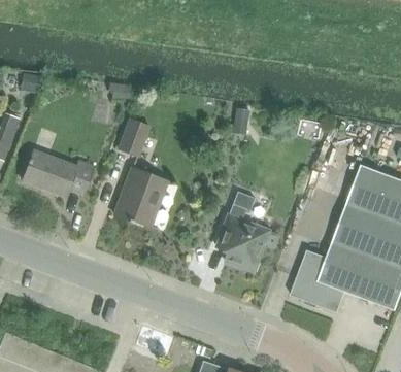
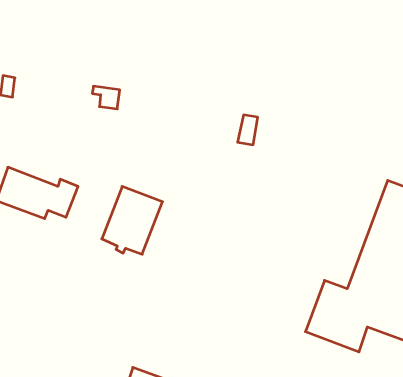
building: [119,120,149,158] -> none
building: [216,191,268,270] -> none

